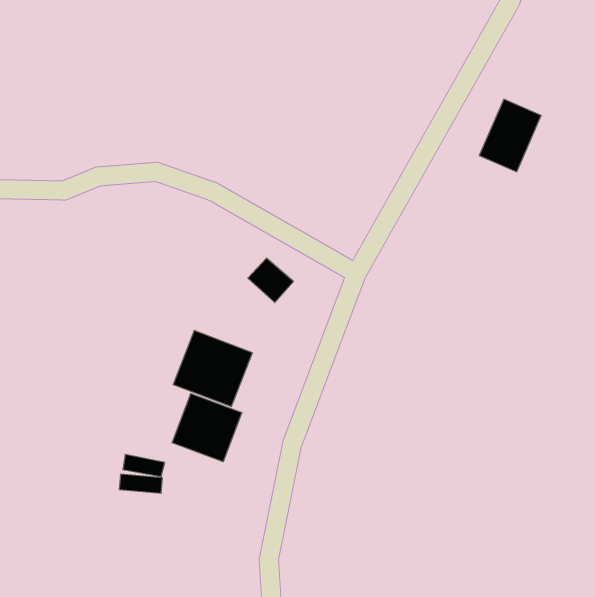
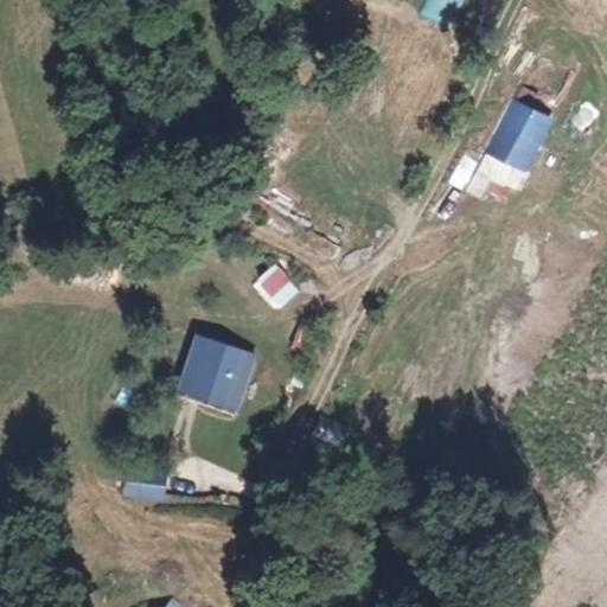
building: [172,393,242,462] -> none

